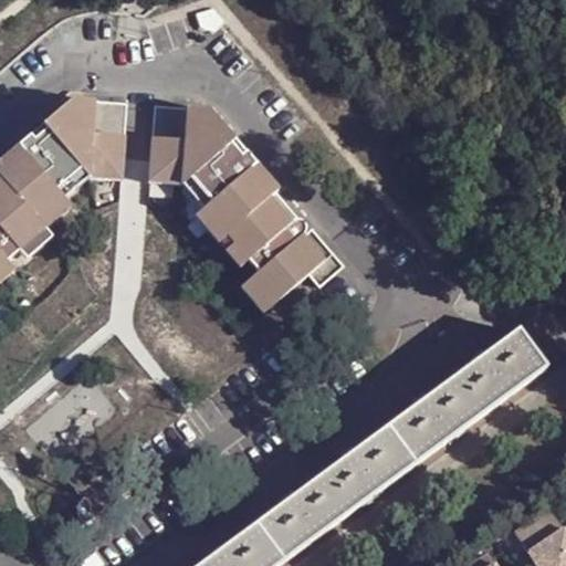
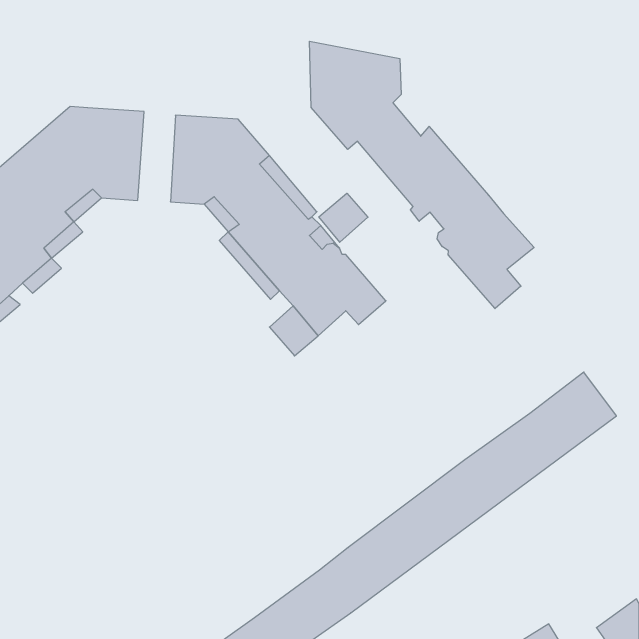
building: none -> [310,41,534,309]
building: none -> [319,193,368,242]

